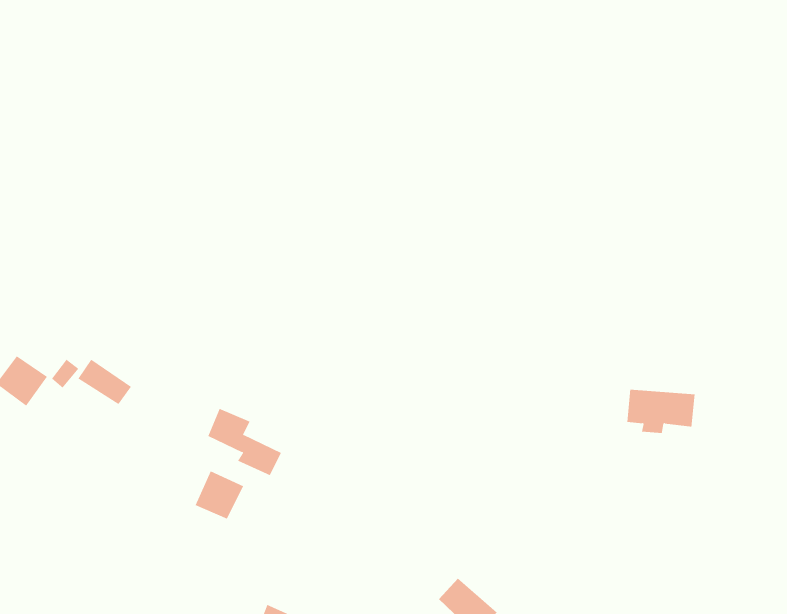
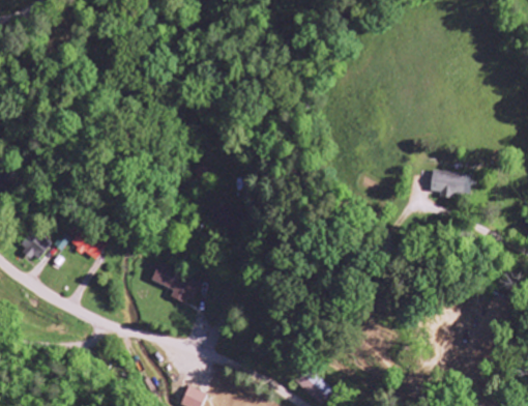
building: [626,389,696,434] -> [430,170,473,198]
building: [195,470,244,519] -> none

